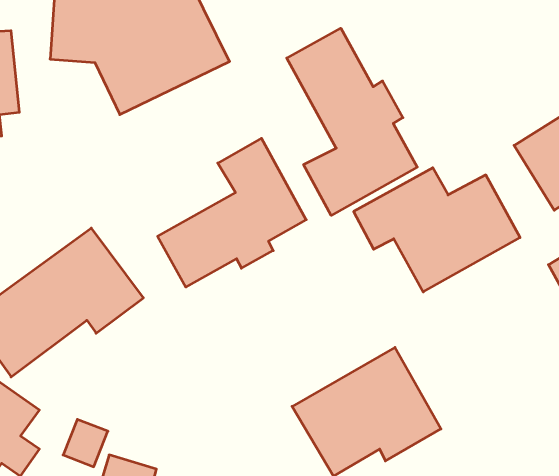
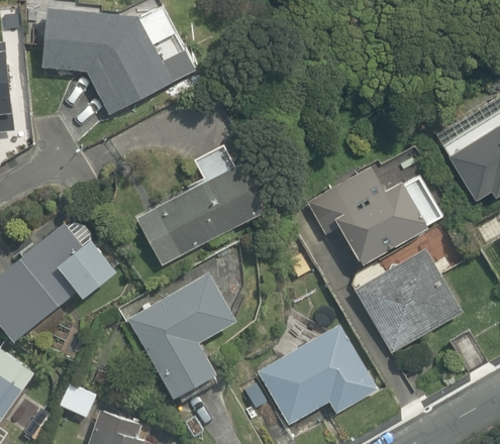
building: [287,28,417,215] -> none
building: none -> [351,249,458,351]
building: none -> [126,270,234,401]

